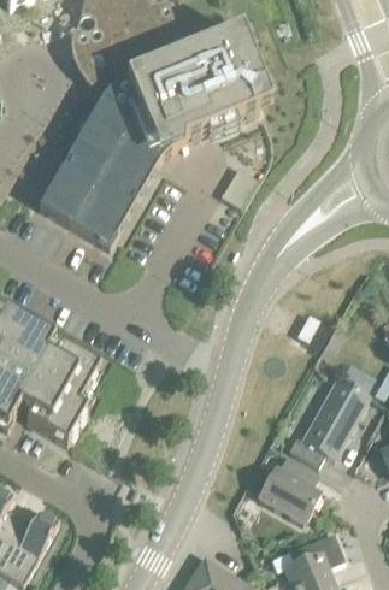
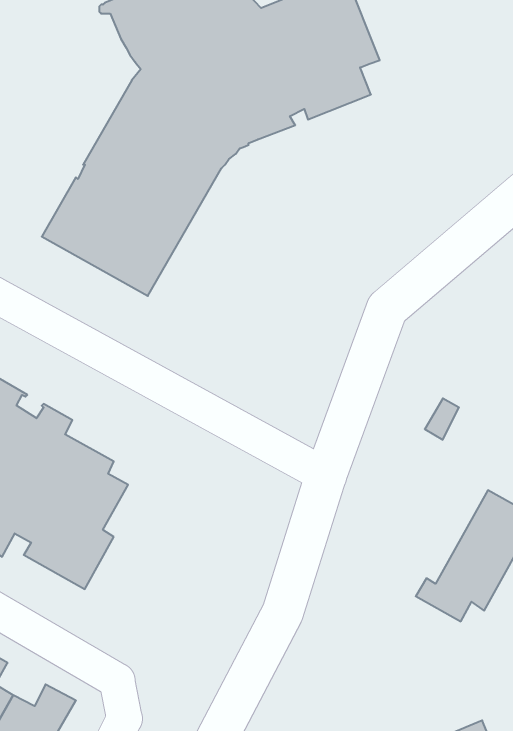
building: [257,459,319,524] -> none

